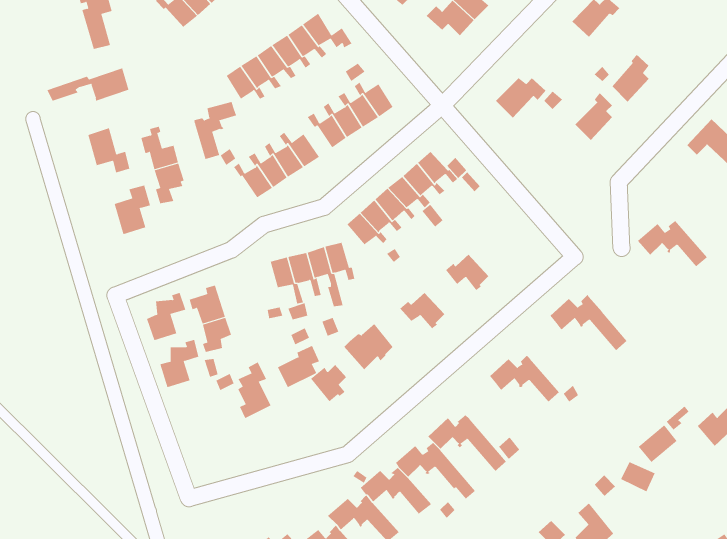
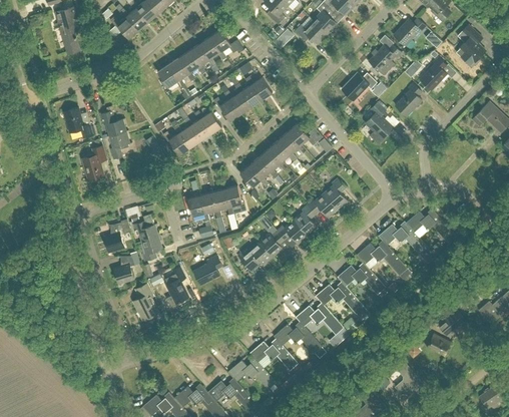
building: none -> [456,25,485,65]
building: none -> [368,39,401,75]
building: [47,67,129,102] -> none
building: [194,101,237,160] -> none
building: none -> [365,102,393,144]
building: [637,220,708,267] -> [405,209,453,241]
building: none -> [323,178,348,209]
building: none -> [293,204,317,235]
building: none -> [356,241,411,280]
building: [310,364,347,402] -> [259,231,284,257]
building: none -> [315,282,369,321]
building: none -> [132,283,158,321]

